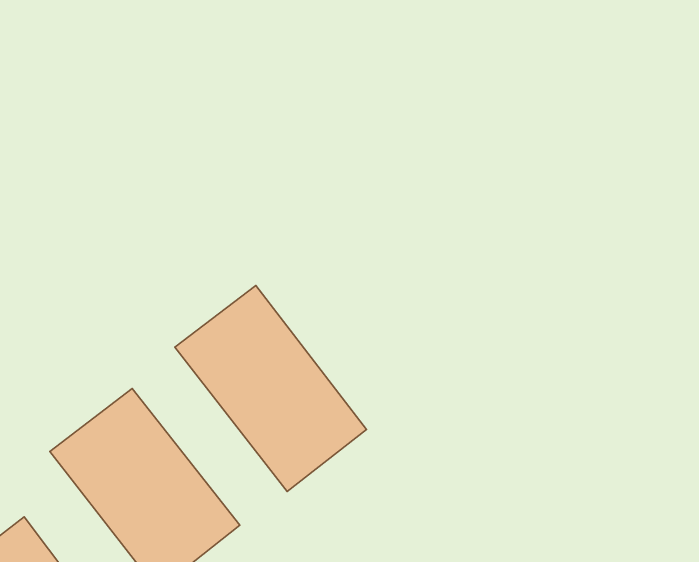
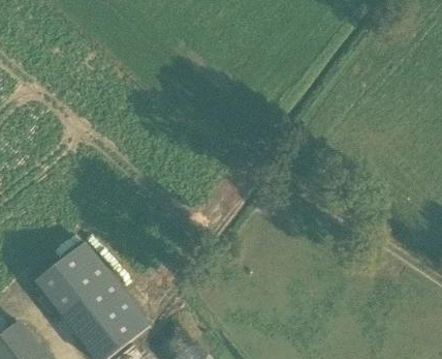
building: [175,286,366,492] -> none

